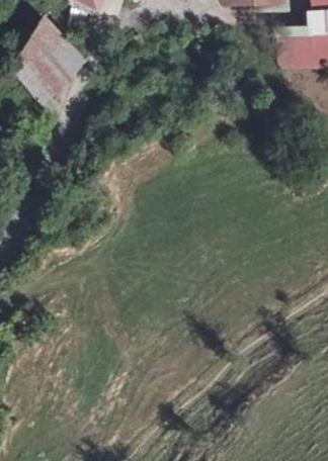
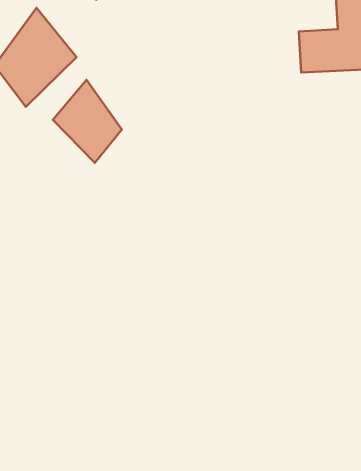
building: none -> [53,80,122,163]

